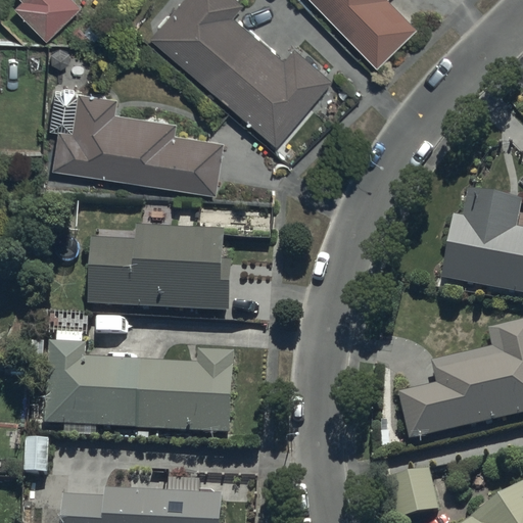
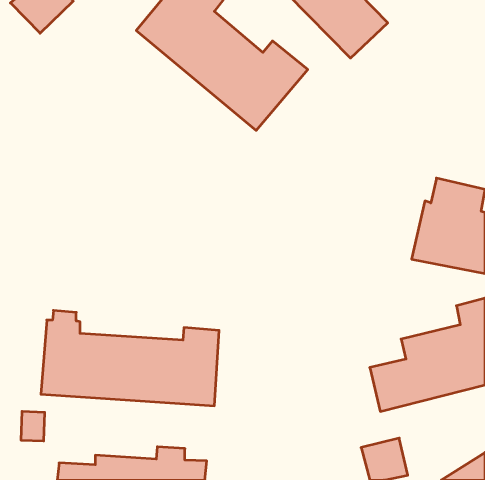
building: [50,89,221,189] -> none
building: [87,229,231,313] -> none

